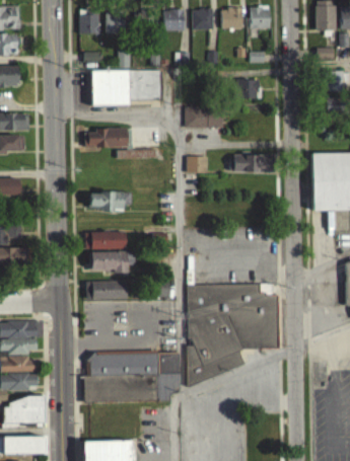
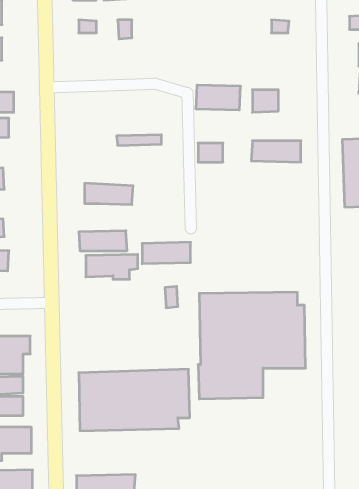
building: [92,70,161,101] -> none
building: [238,79,261,98] -> [252,90,278,112]
building: [85,129,134,147] -> none
building: [86,281,128,299] -> [142,242,191,264]

